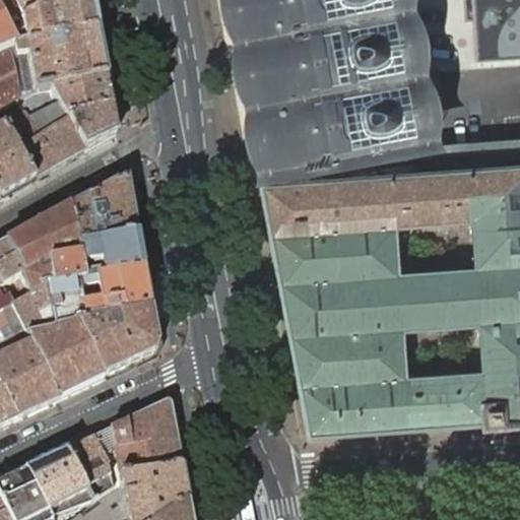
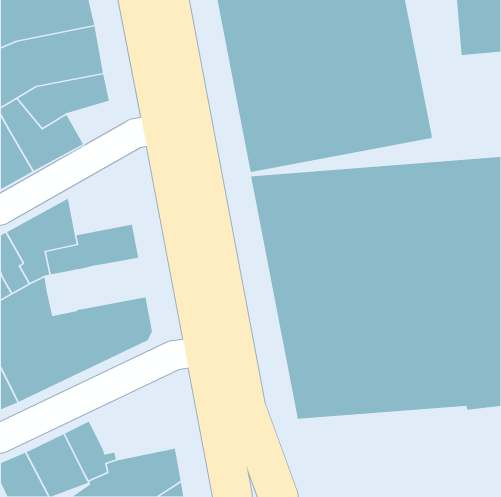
building: [69,105,118,149] -> none
building: [71,175,137,243] -> none
building: [47,267,151,326] -> none
building: [92,400,182,475] -> none

